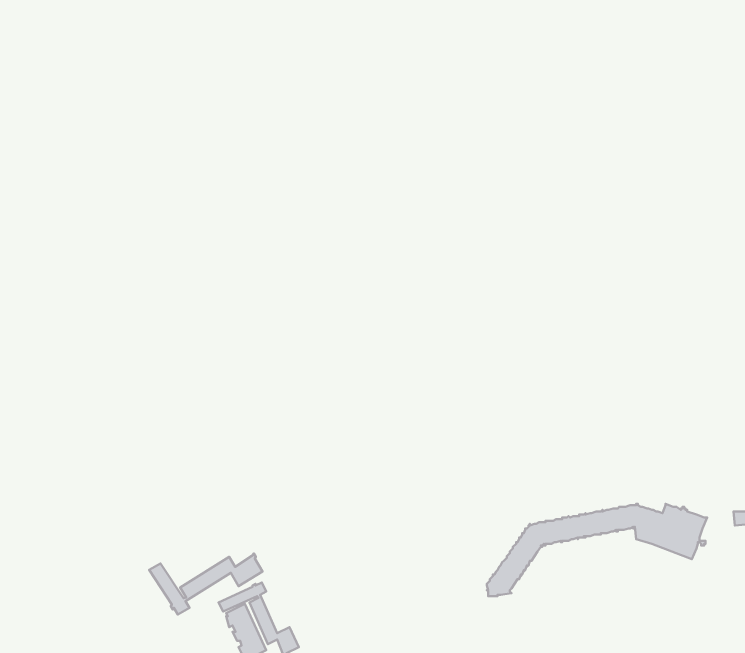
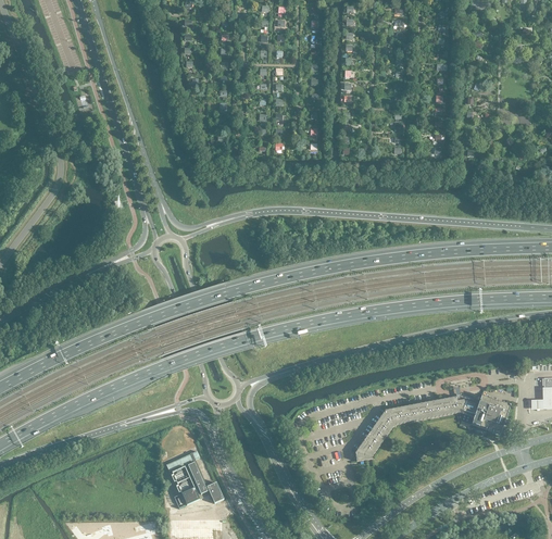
building: [149,554,263,614] -> none

